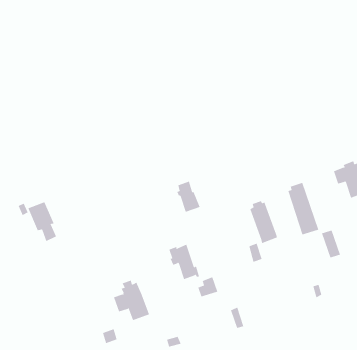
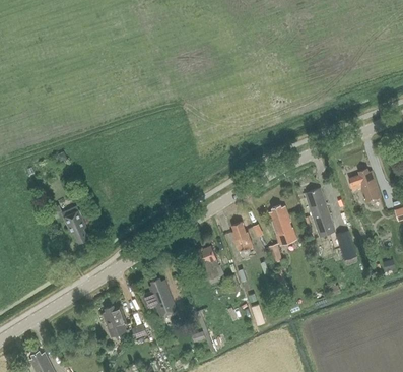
building: [177,181,200,212] -> [231,222,254,251]
building: none -> [102,306,126,336]

